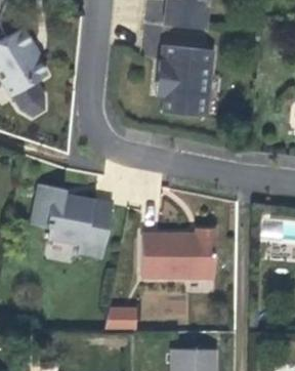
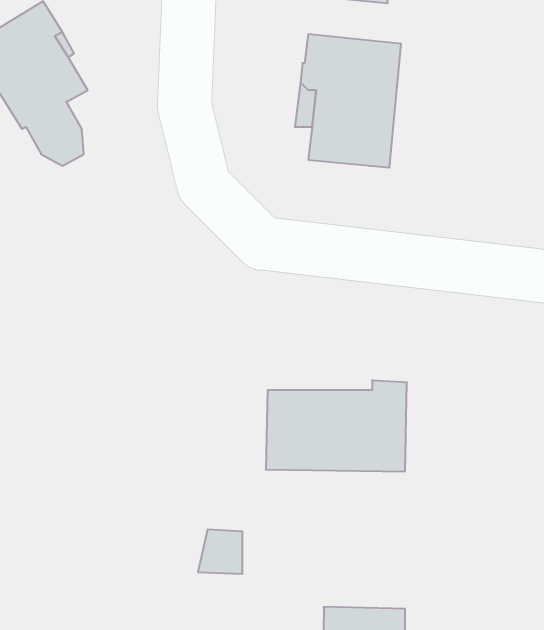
building: [32,183,114,258] -> none

